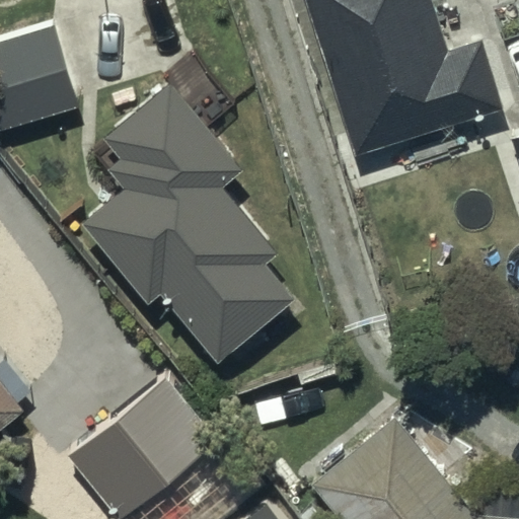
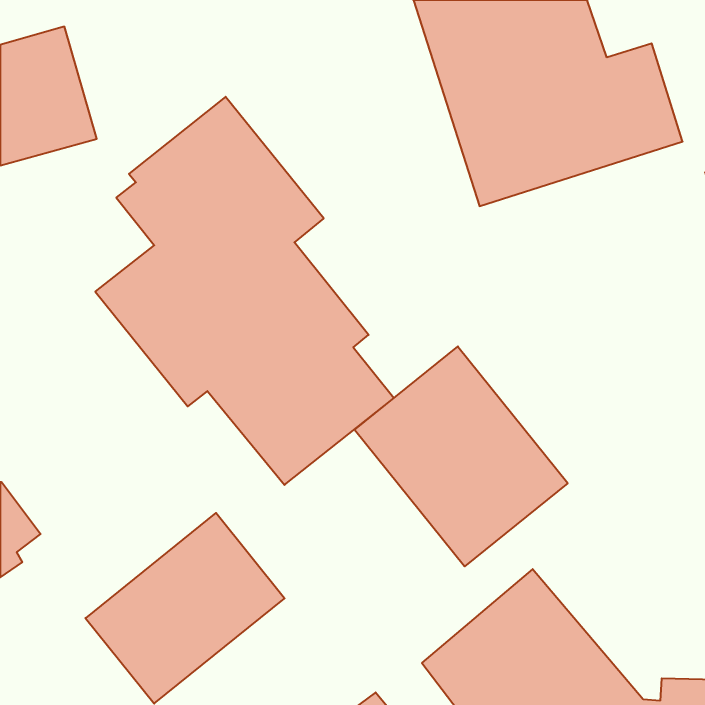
building: none -> [355,346,568,566]

